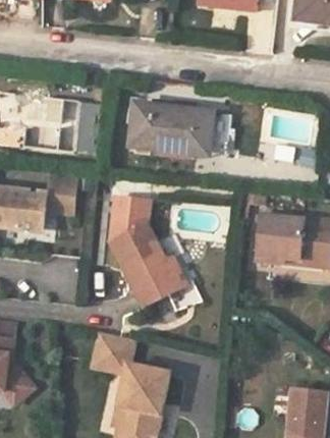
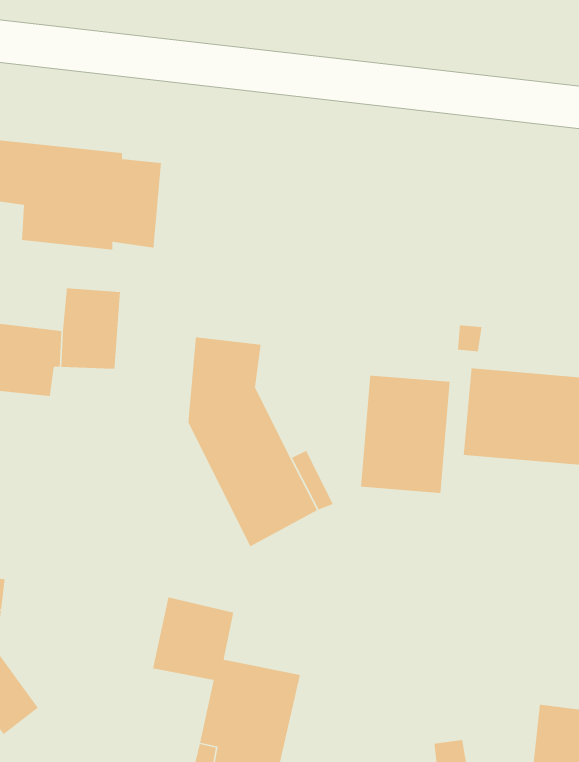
building: [130,103,231,154] -> none
building: none -> [360,375,451,494]

